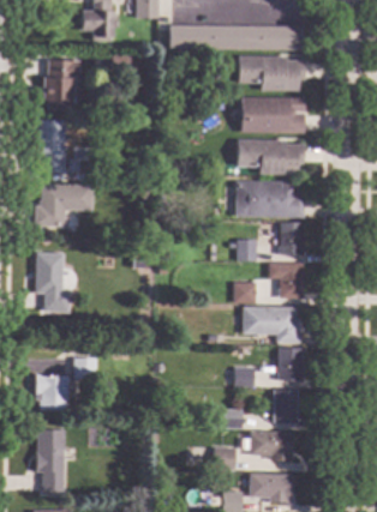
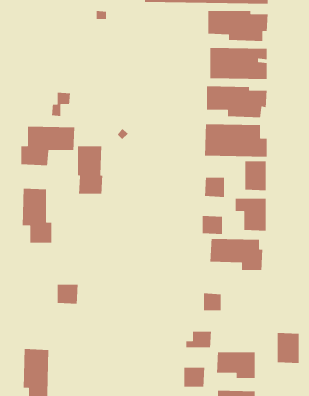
building: [42,60,80,113] -> none
building: [36,120,65,174] -> [77,146,103,195]
building: [270,348,304,381] -> none
building: [36,374,68,410] -> none
building: [273,388,298,423] -> [277,332,300,364]

